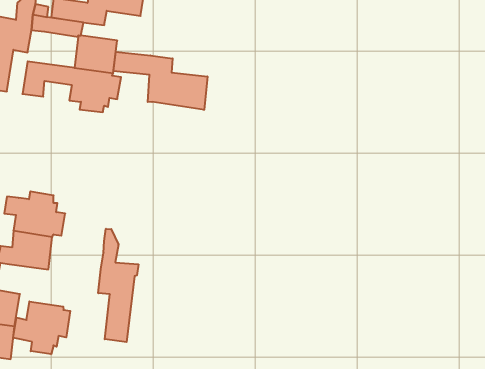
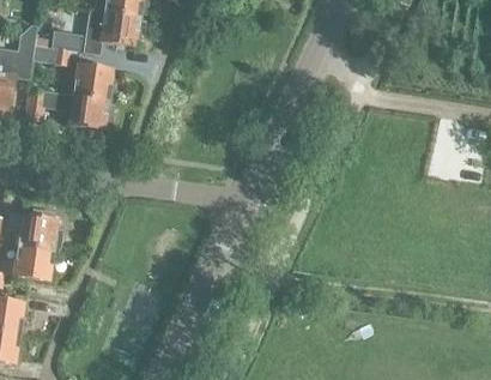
building: [114,52,207,110] -> none
building: [98,229,138,342] -> none
building: [13,301,70,354] -> none

